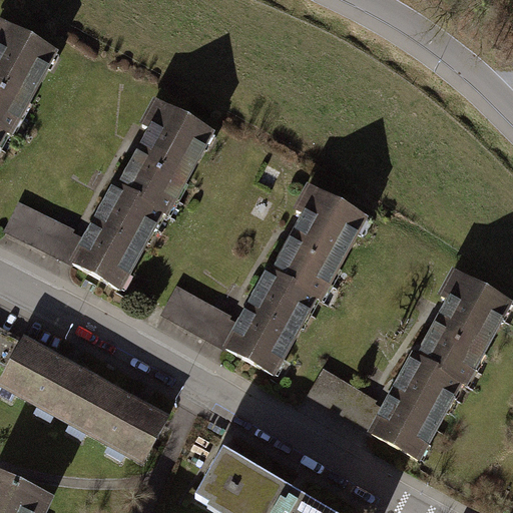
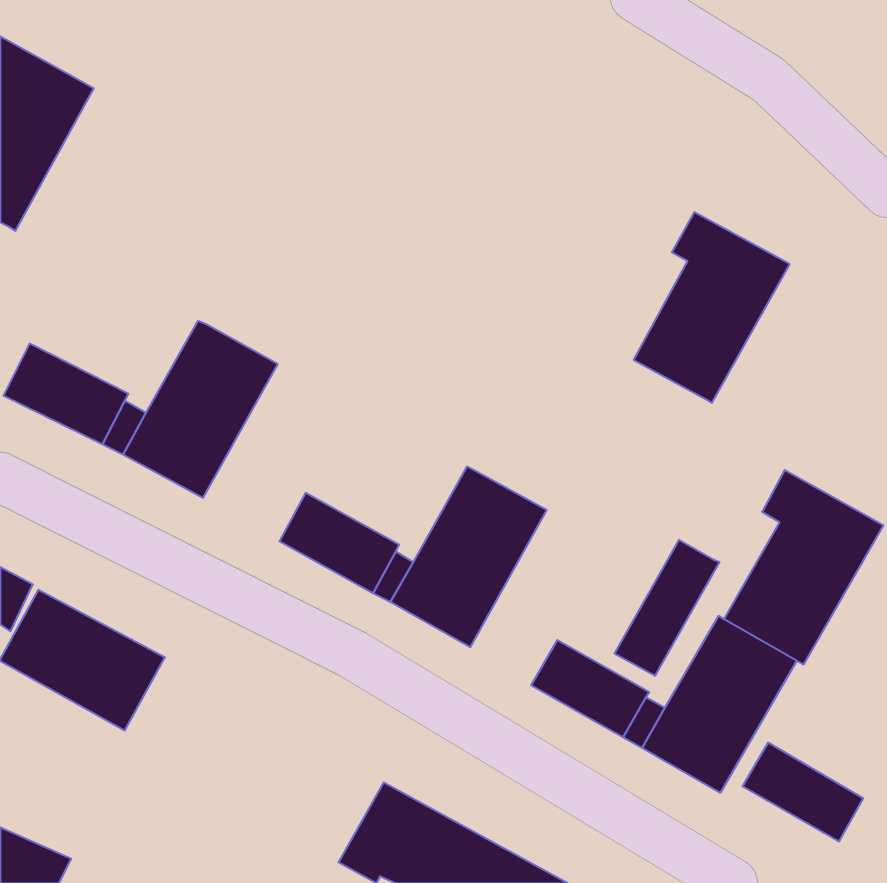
building: [119,101,210,213] -> none
building: [274,186,364,297] -> [634,212,790,403]
building: none -> [614,540,719,676]
building: [72,380,165,460] -> none
building: none -> [743,743,863,842]

